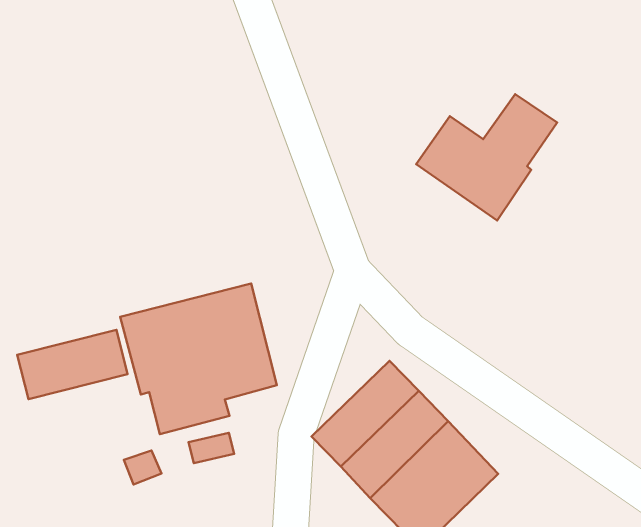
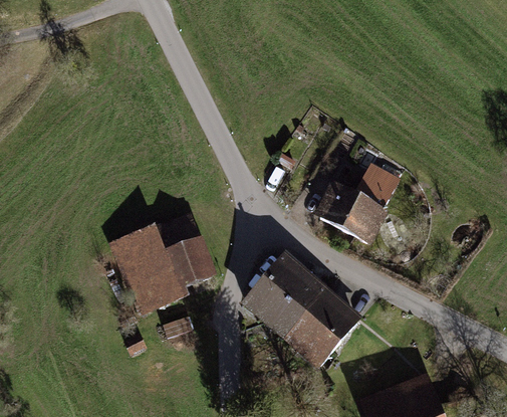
building: [416,94,557,221] -> [313,163,401,245]
building: [17,330,127,399] -> none

